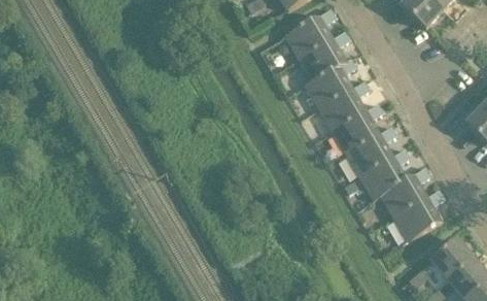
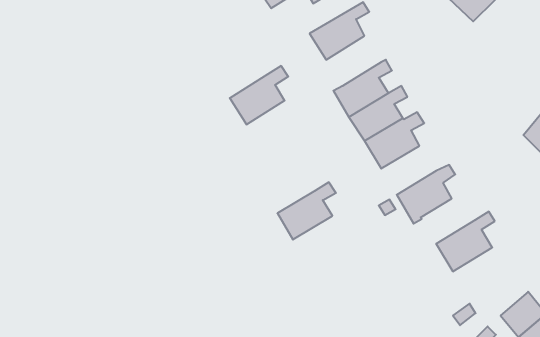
building: [298,30,348,80] -> [230,66,288,124]
building: [345,125,395,174] -> [277,182,336,240]
building: [379,166,428,216] -> none
building: [431,238,472,278] -> none

